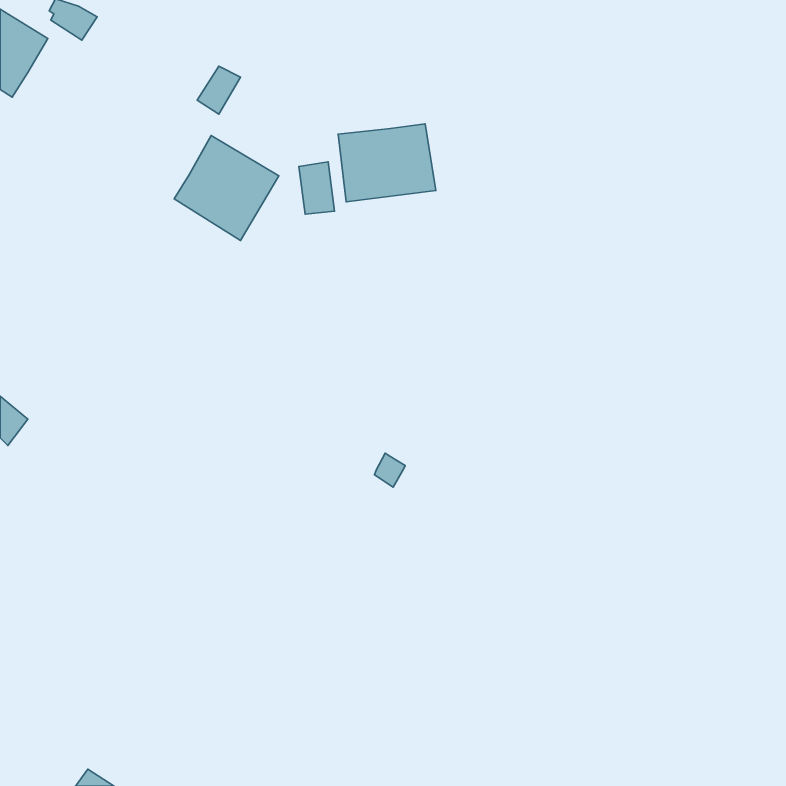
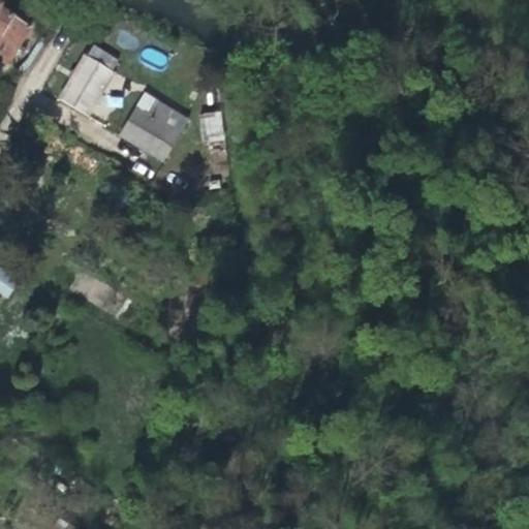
building: none -> [58,54,114,116]
building: [338,124,436,202] -> none

